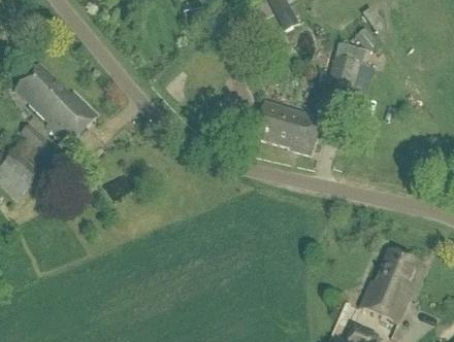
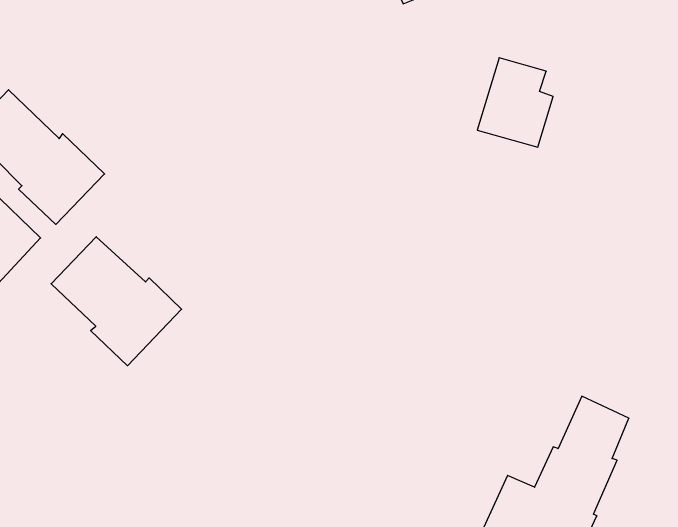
building: [254,100,322,156] -> none
building: none -> [51,237,182,366]

